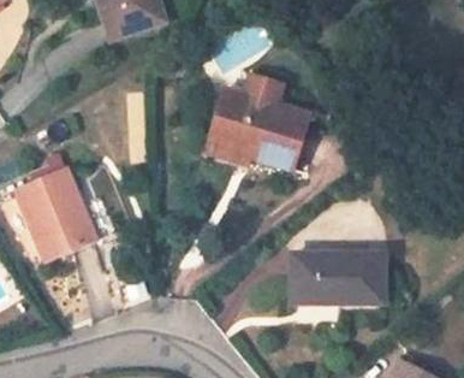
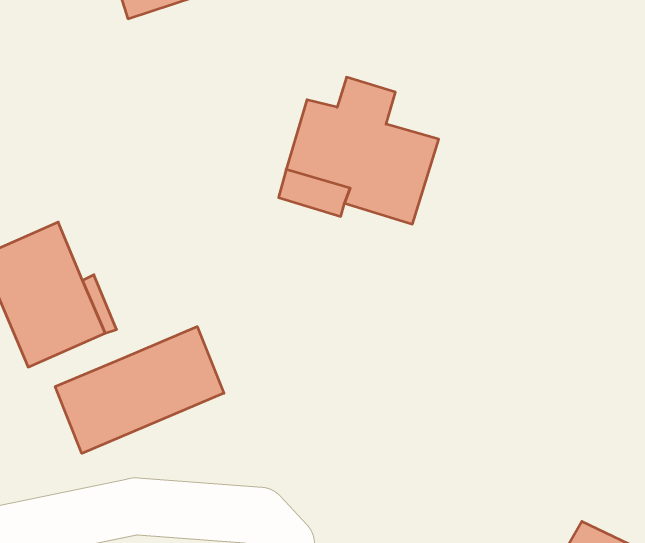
building: none -> [55,327,224,453]
building: [291,254,382,302] -> none

